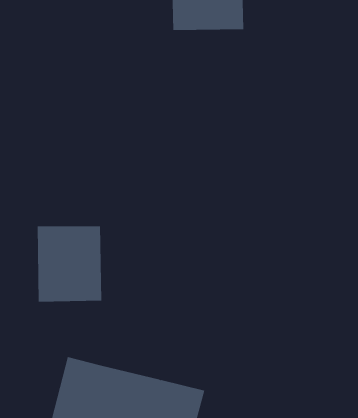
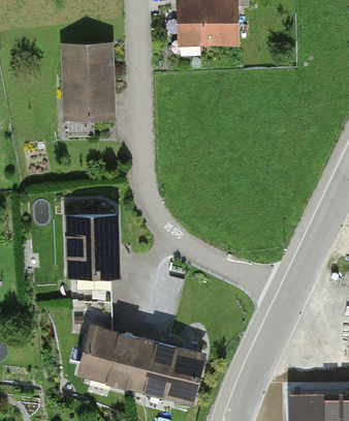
building: none -> [59,42,116,121]

